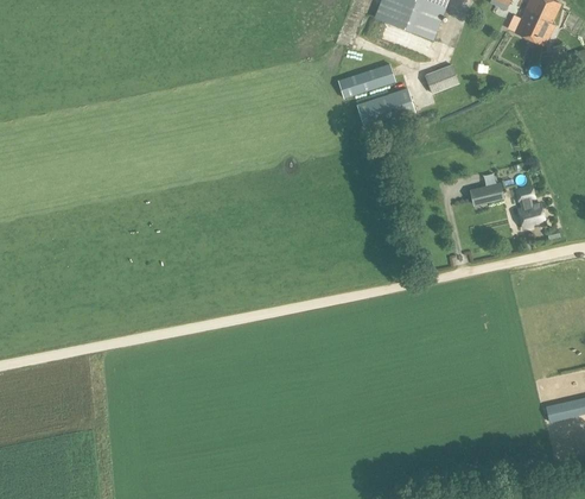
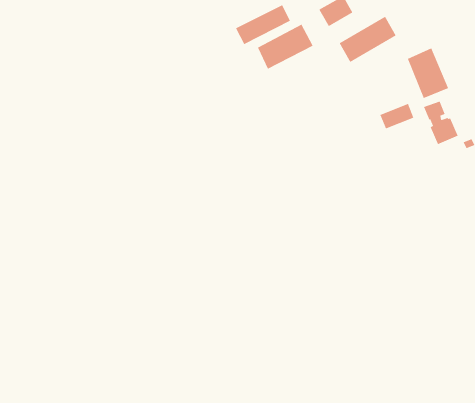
building: none -> [339,16,396,63]
building: none -> [407,48,449,99]

